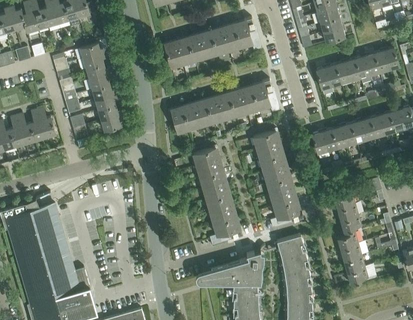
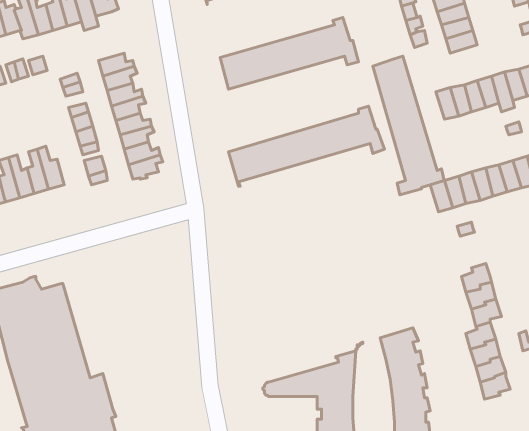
building: [253,130,303,227] -> [373,56,444,195]
building: [192,147,243,244] -> none

